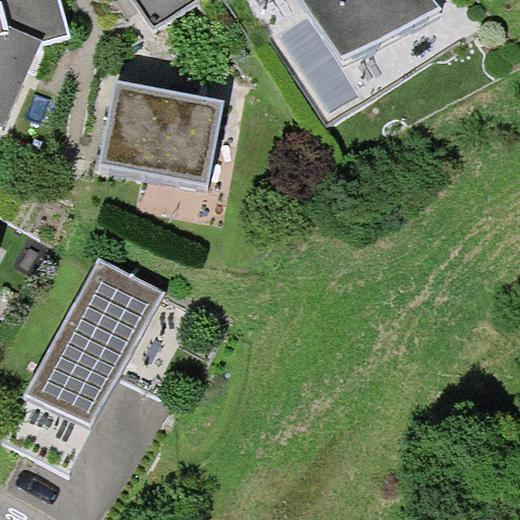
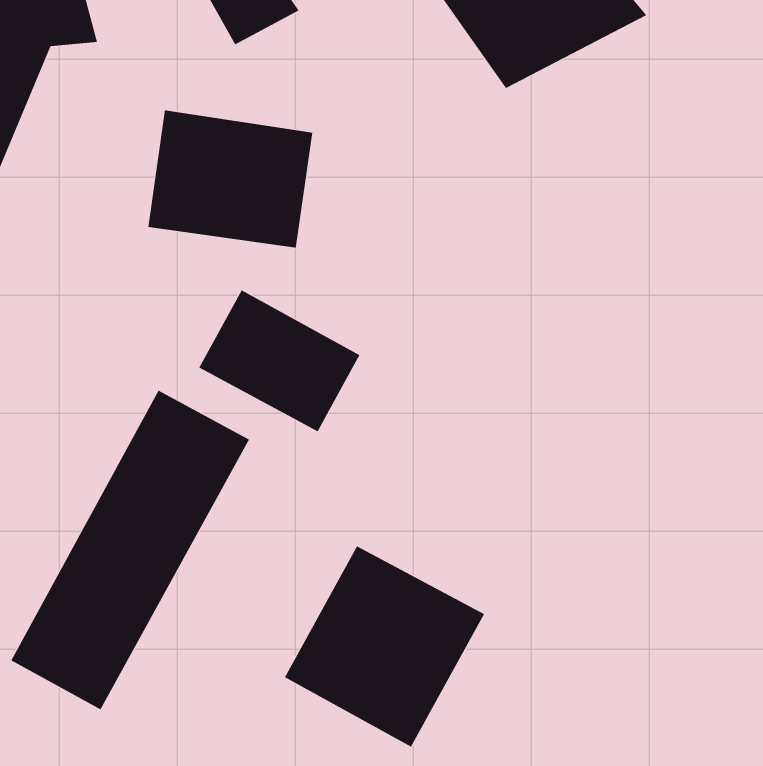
building: none -> [199,290,360,432]
building: none -> [284,545,485,748]

